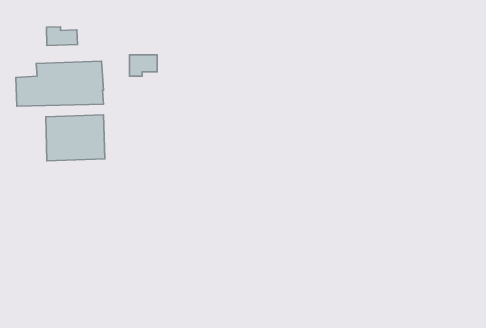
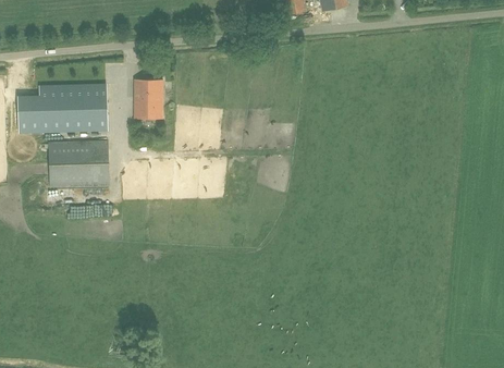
building: [46,27,77,46] -> none
building: none -> [133,97,161,118]

